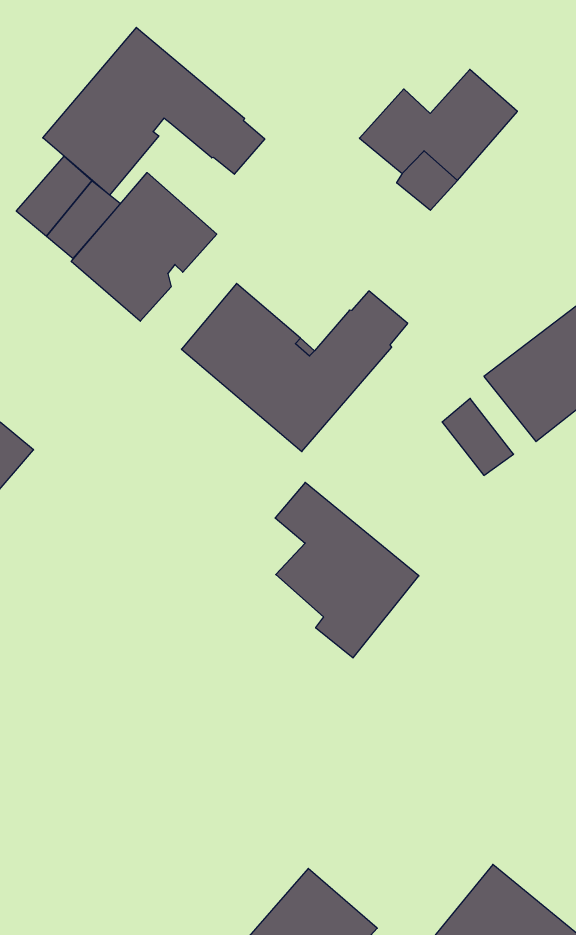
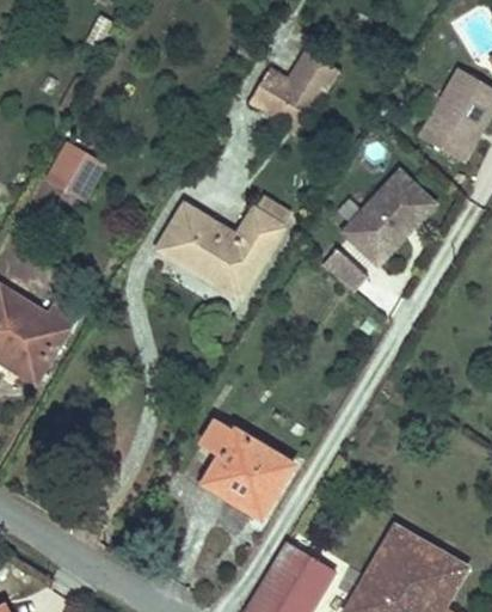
building: [43,27,265,195] -> none
building: [71,173,217,321] -> none
building: [275,482,419,658] -> [204,427,295,526]

